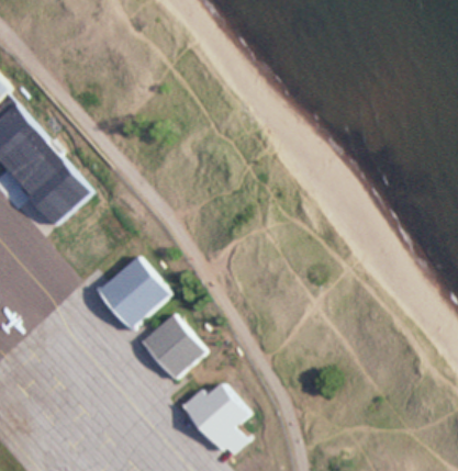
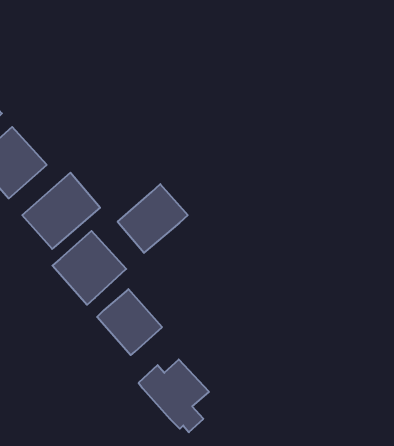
building: none -> [22,173,100,249]
building: none -> [118,184,188,253]

